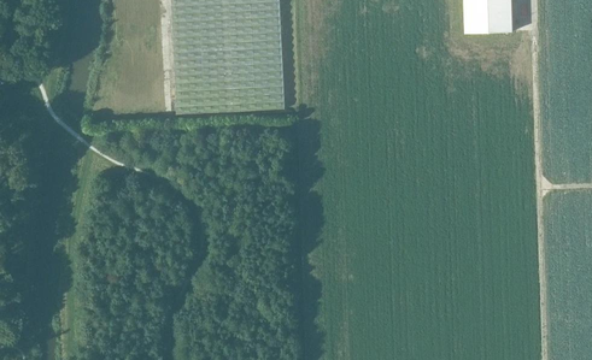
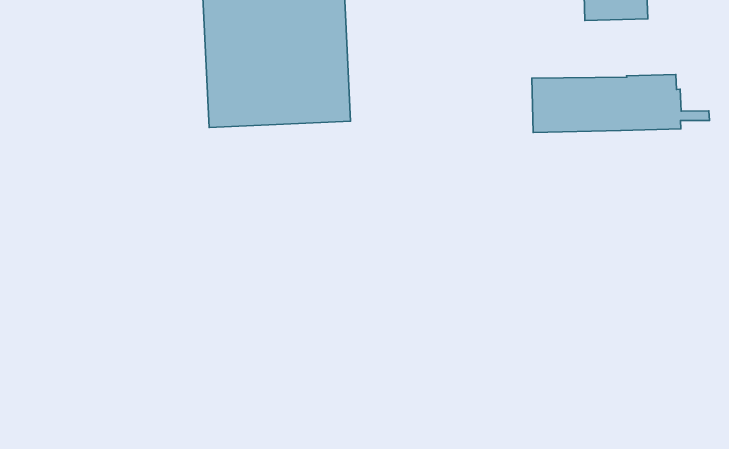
building: none -> [532,75,709,133]

